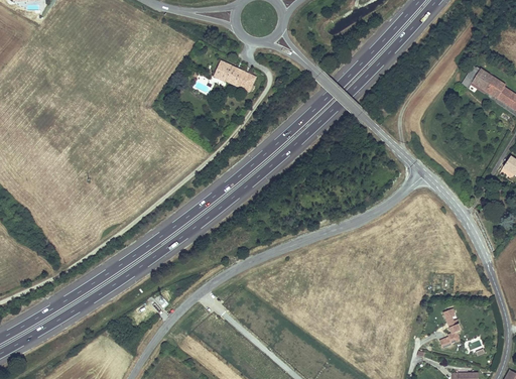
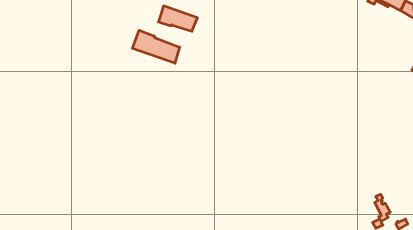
building: none -> [132,30,180,63]

